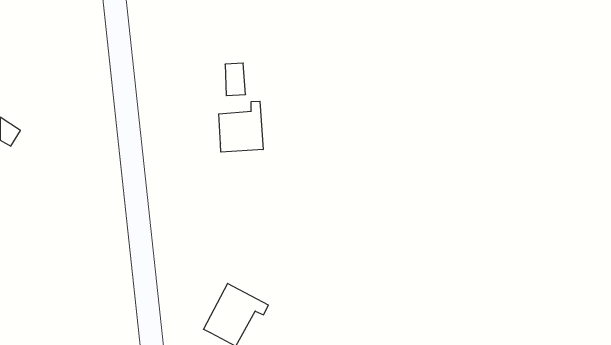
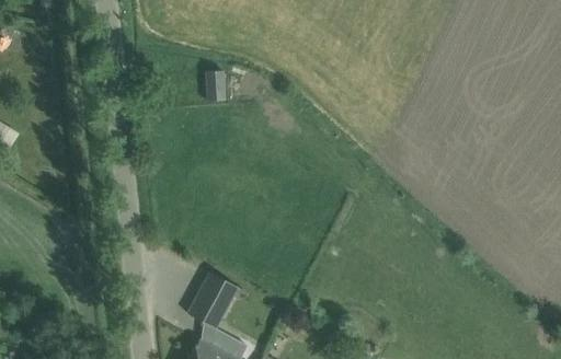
building: [219,101,263,152] -> none

